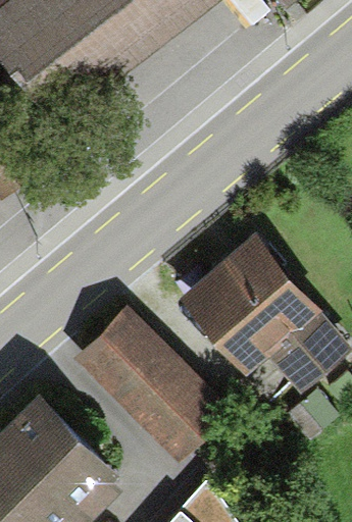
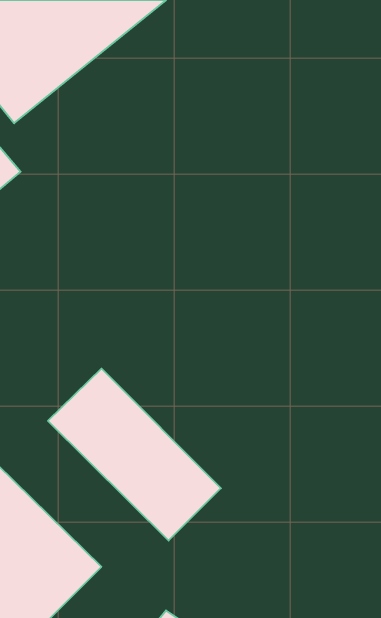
building: [184,238,341,387] -> none

